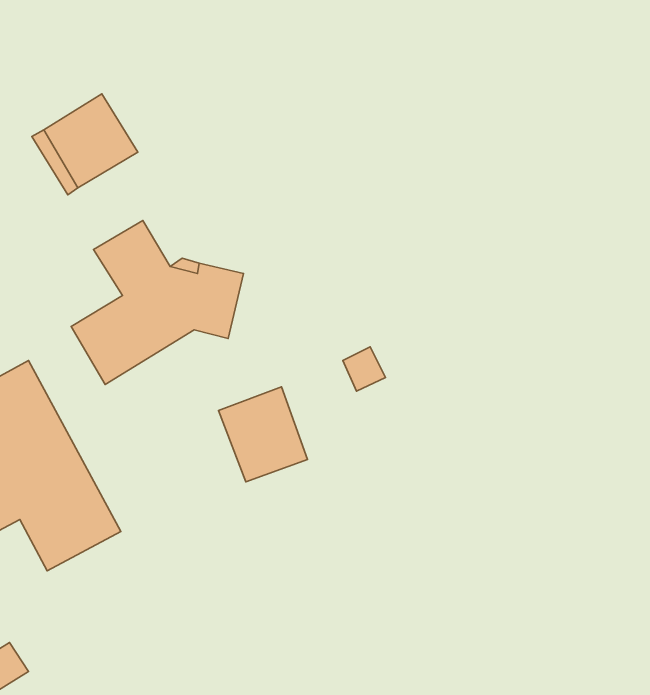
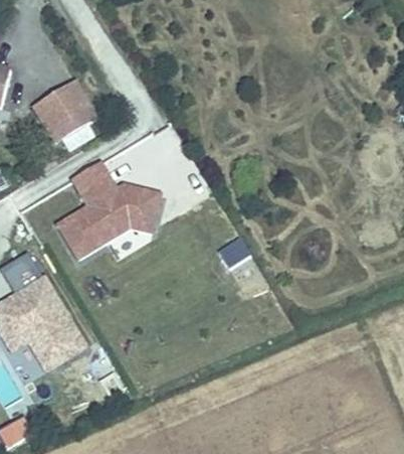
building: [218,387,308,482] -> none

